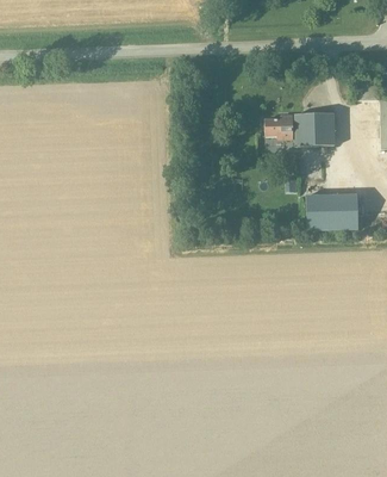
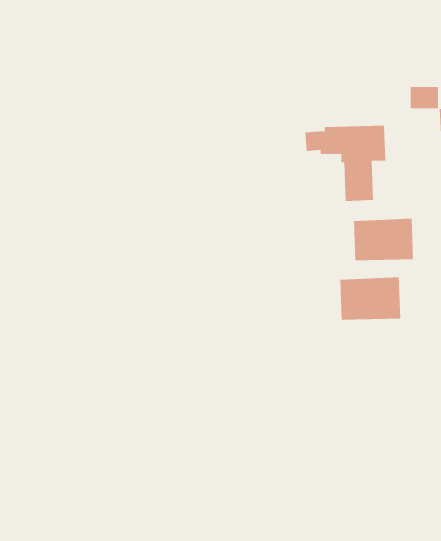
building: none -> [340,277,401,320]

